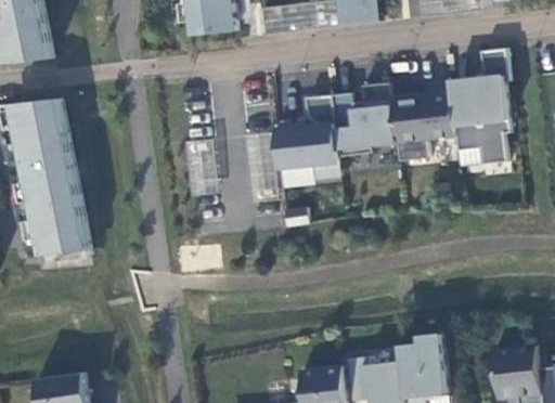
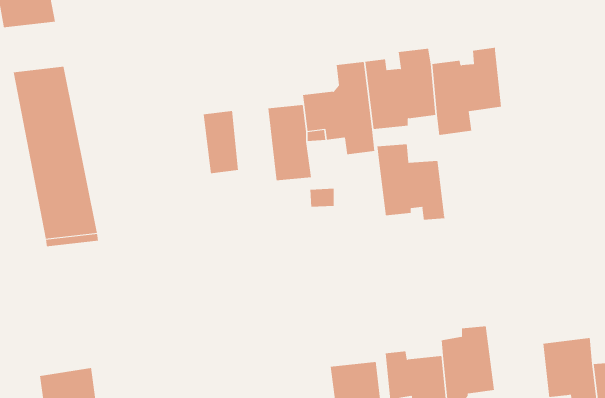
building: [450,49,509,165] -> none
building: none -> [377,143,445,220]

